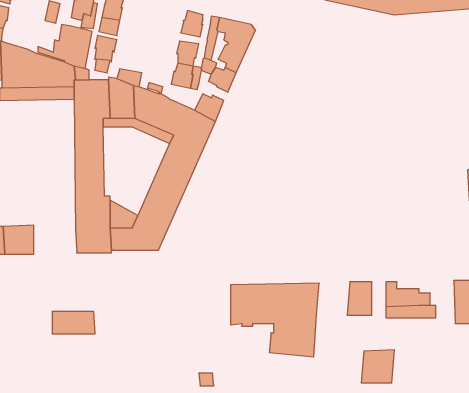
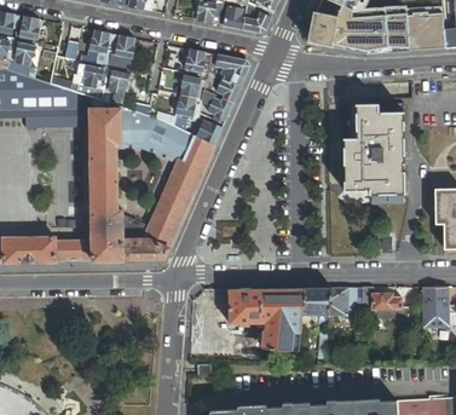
building: none -> [345,104,404,195]
building: [52,312,95,334] -> [56,241,93,260]
building: [361,350,394,383] -> [302,287,331,316]

